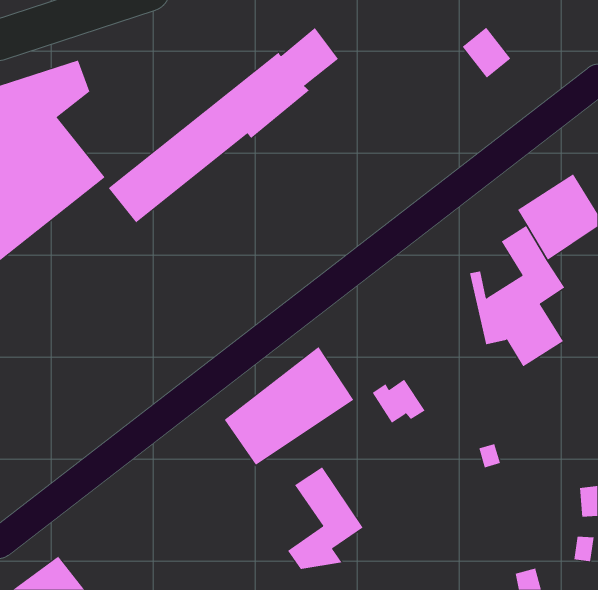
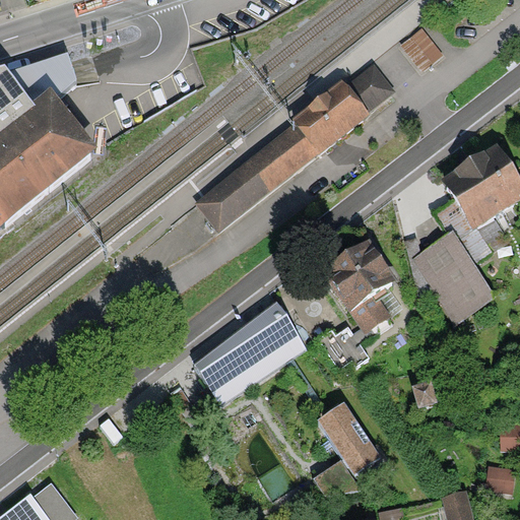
building: [108,27,339,223] -> [195,62,395,232]
building: none -> [327,243,396,334]
building: [287,466,363,570] -> [313,404,379,494]

